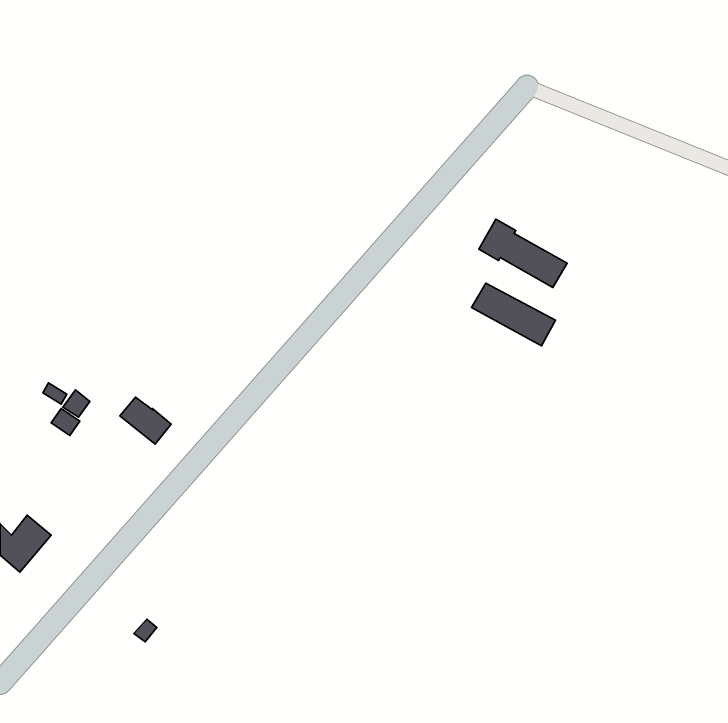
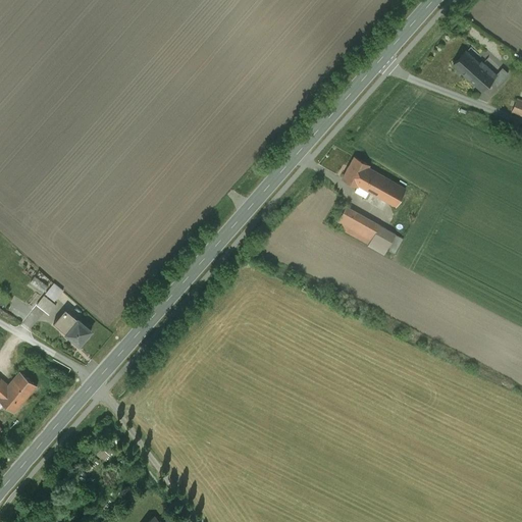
building: none -> [453,54,495,94]
building: [120,397,171,444] -> [54,312,91,346]

